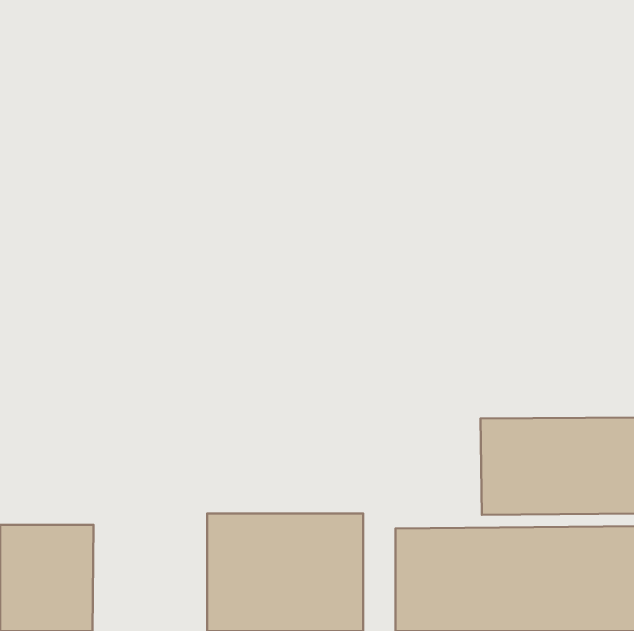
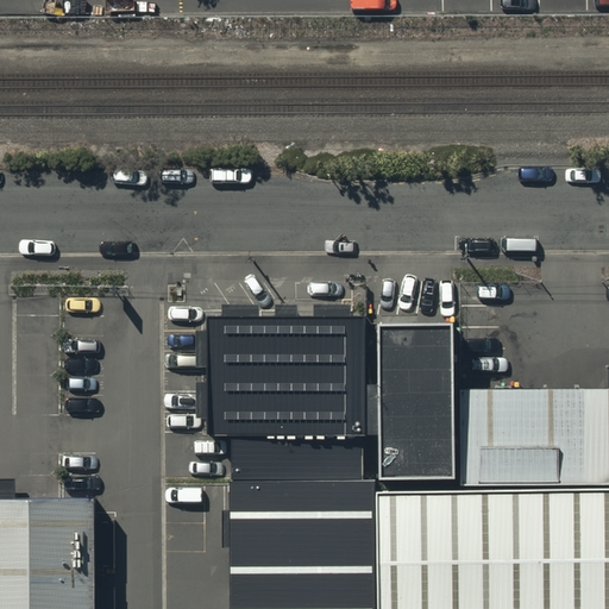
building: none -> [383,331,456,484]
building: none -> [201,332,371,485]

